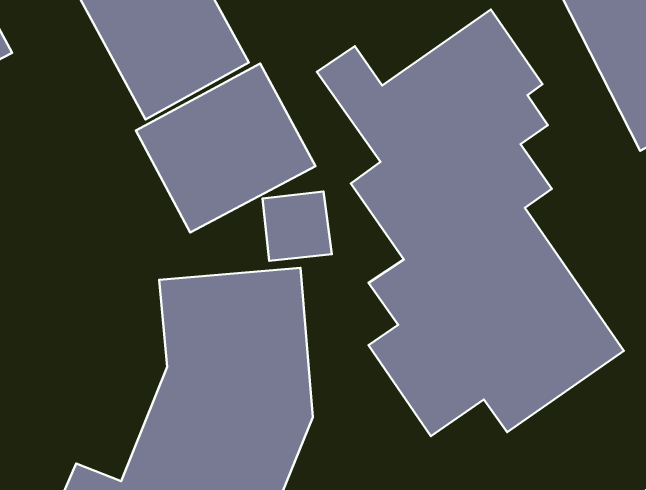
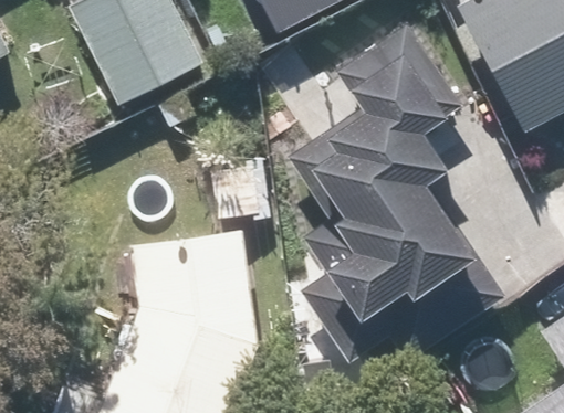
building: [136,63,315,233] -> none

